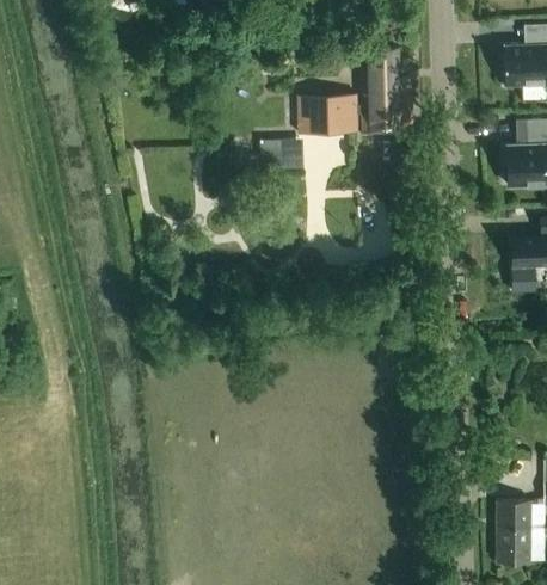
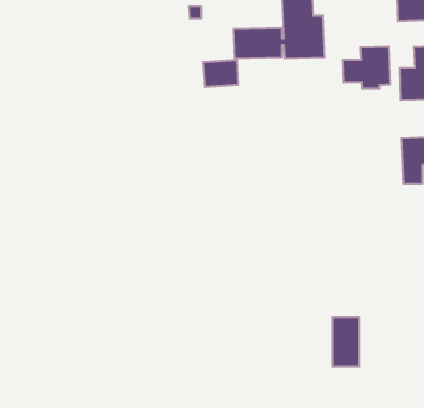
building: none -> [343,46,390,89]
building: [497,500,530,562] -> [333,317,359,367]

